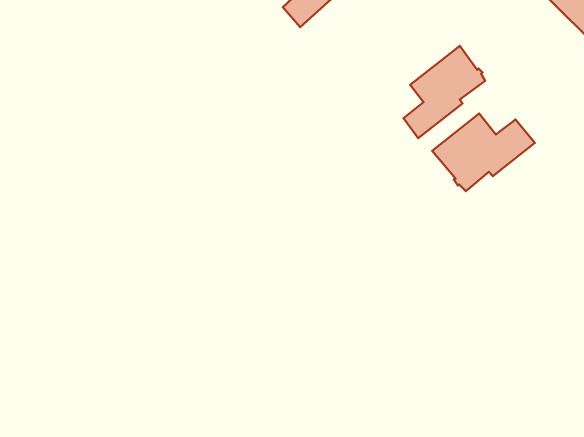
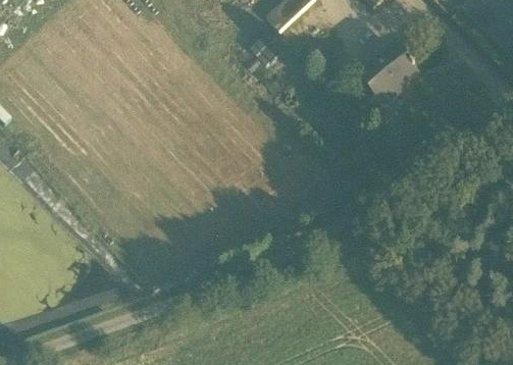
building: [432,114,535,191] -> none

